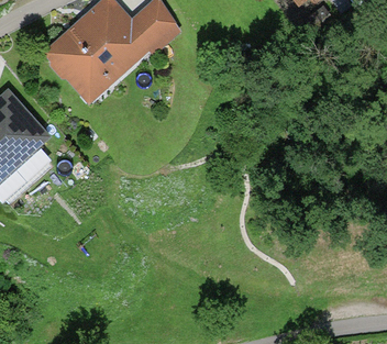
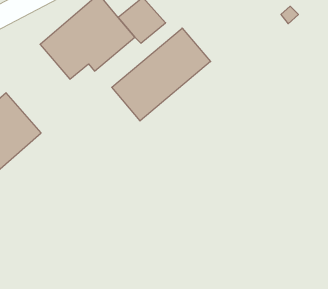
building: none -> [112,28,211,121]

